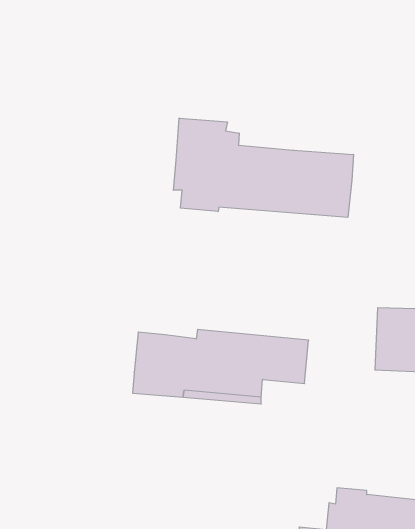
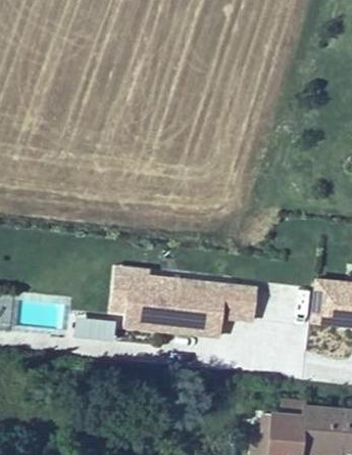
building: [173,118,353,217] -> none
building: none -> [113,268,153,312]

